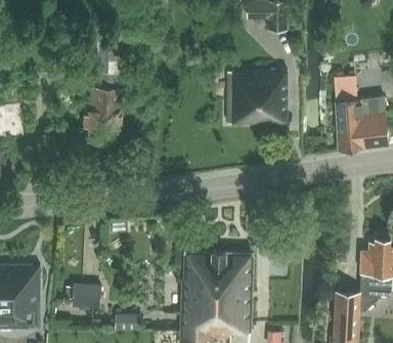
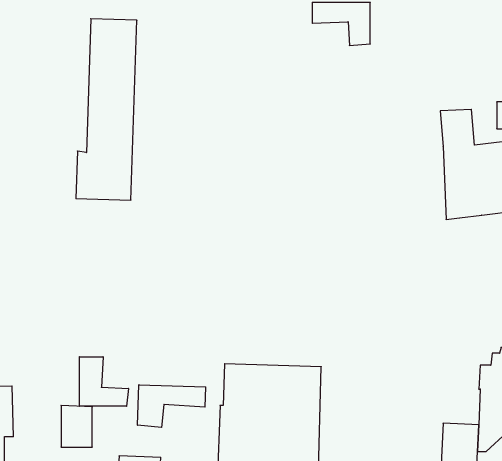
building: [226,73,287,124] -> none
building: none -> [79,357,128,406]
building: none -> [138,385,206,427]

